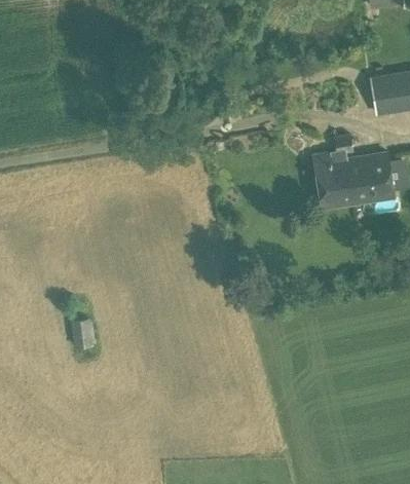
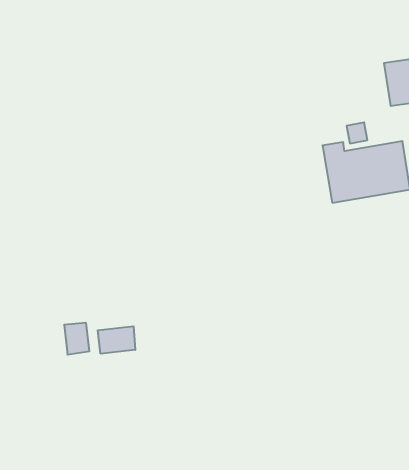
building: none -> [98,326,135,354]

